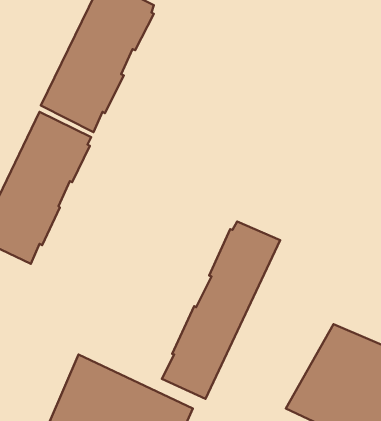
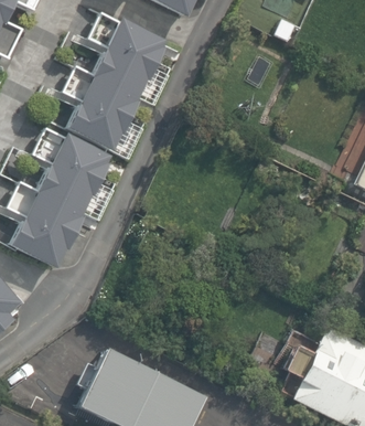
building: [162,221,280,399] -> none

